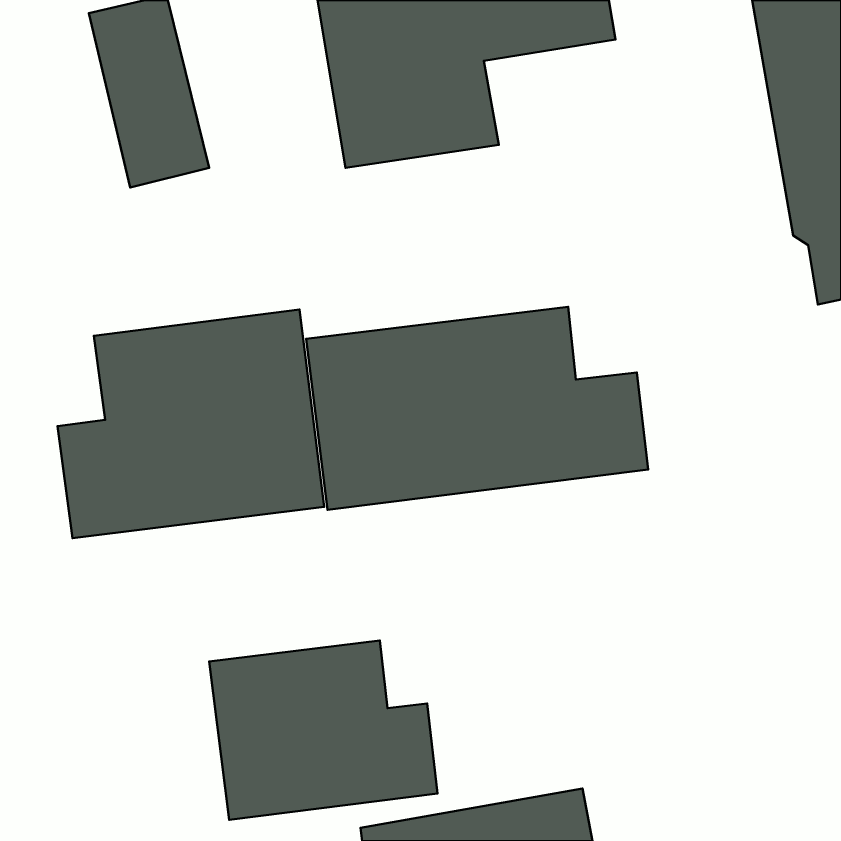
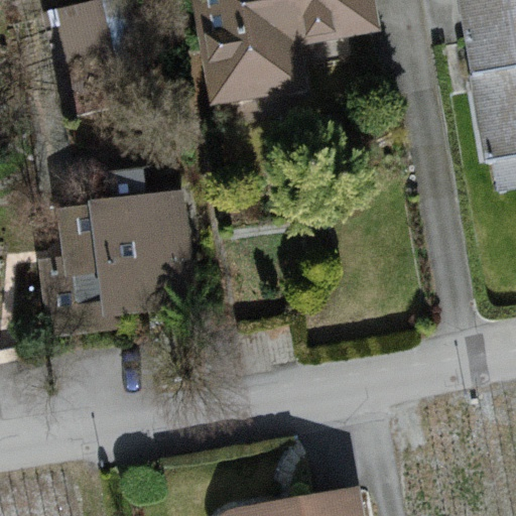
building: [306,307,648,510] -> none
building: [209,641,438,820] -> none

